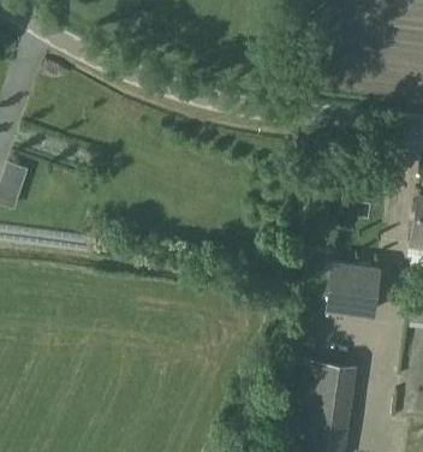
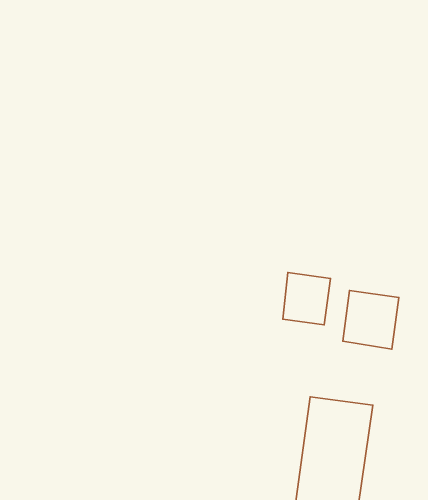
building: none -> [283,272,330,325]

